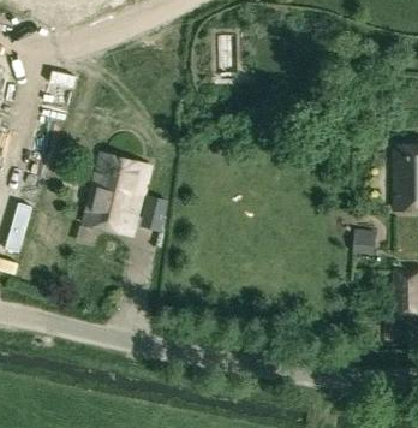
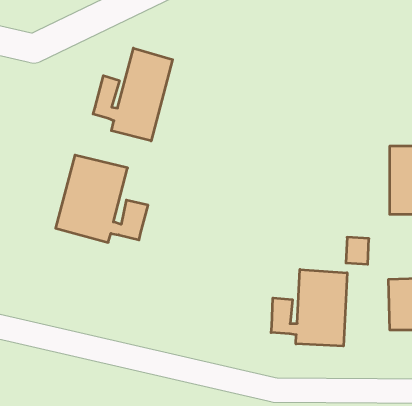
building: none -> [93,48,173,141]
building: none -> [271,269,347,346]

